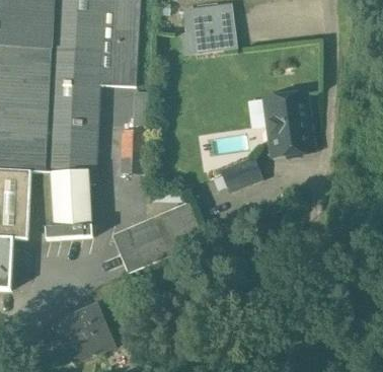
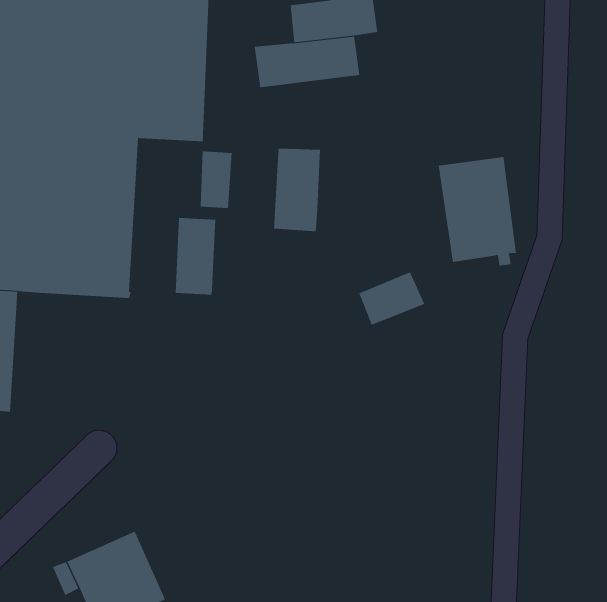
building: none -> [273,148,321,232]
building: [43,172,93,233] -> none
building: [104,200,203,274] -> none

